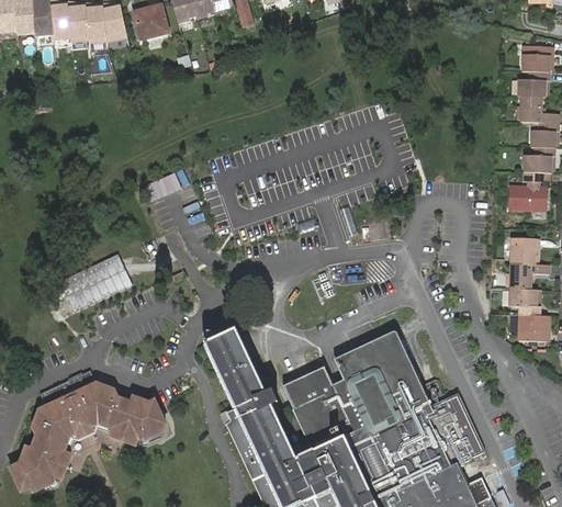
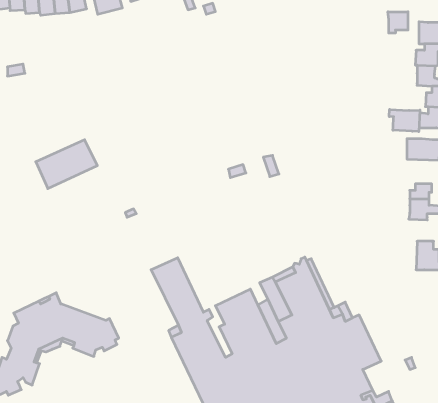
building: none -> [388,12,408,33]
building: none -> [389,109,420,132]
building: [58,252,132,311] -> [36,140,97,189]
building: [509,282,538,308] -> none

